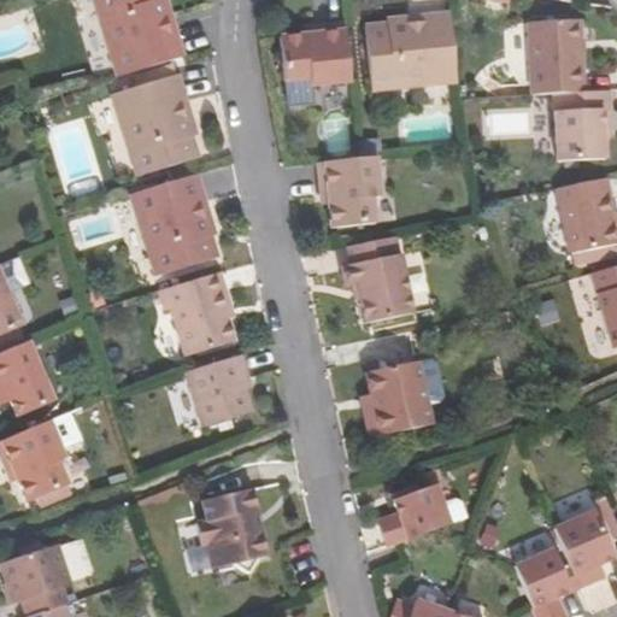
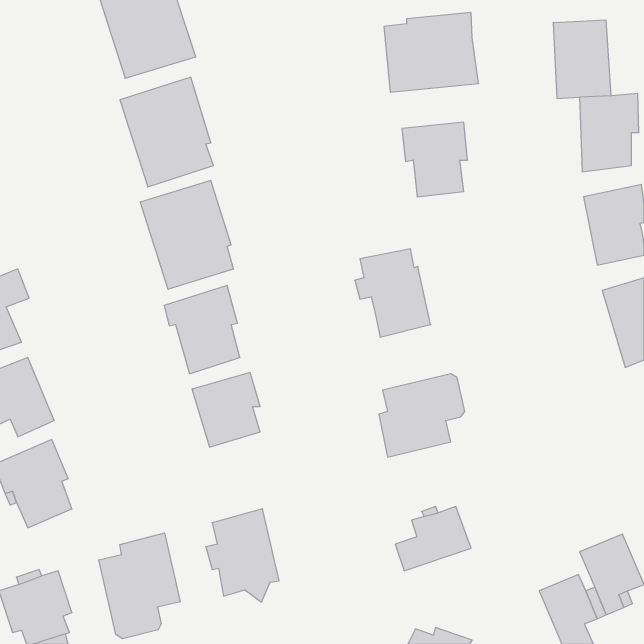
building: [282,27,351,87] -> none
building: [316,157,378,228] -> [402,122,468,197]
building: none -> [99,533,180,639]

